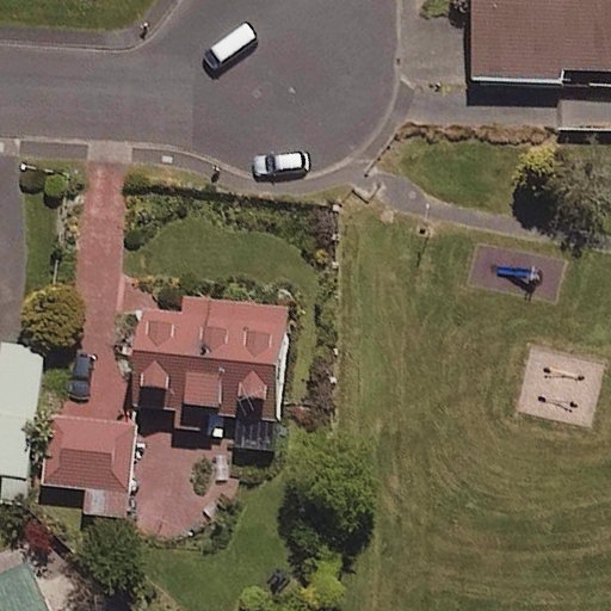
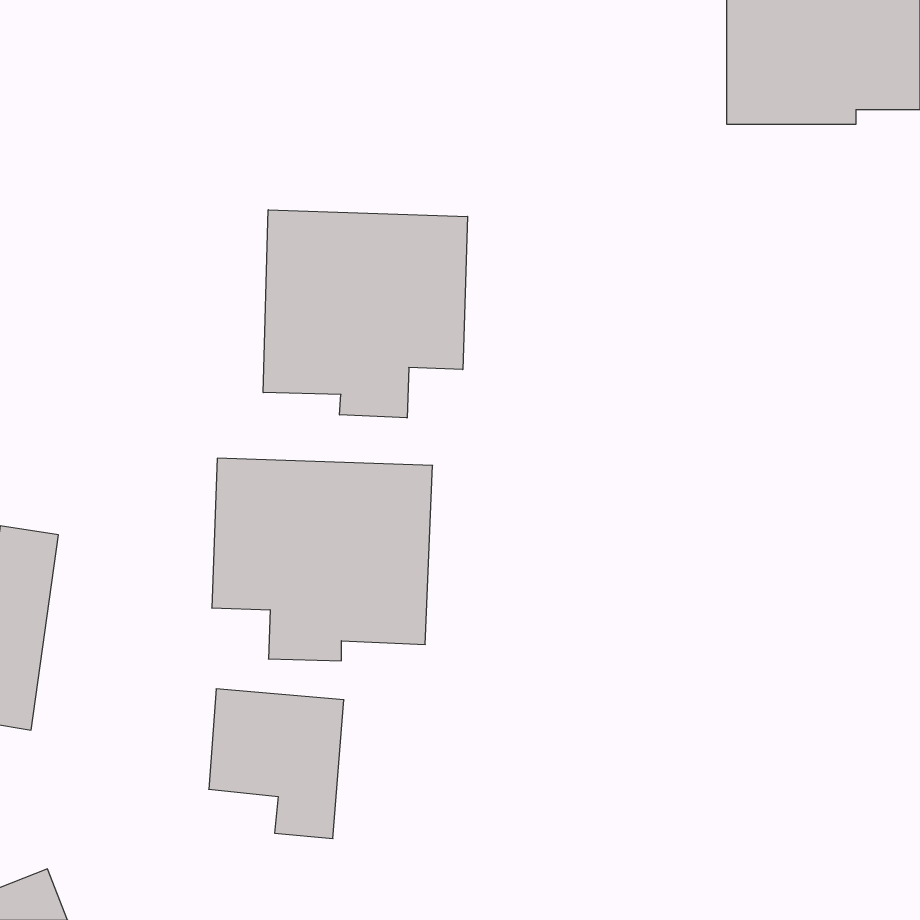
building: none -> [263,210,468,418]
building: [41,418,129,516] -> [209,689,344,839]

